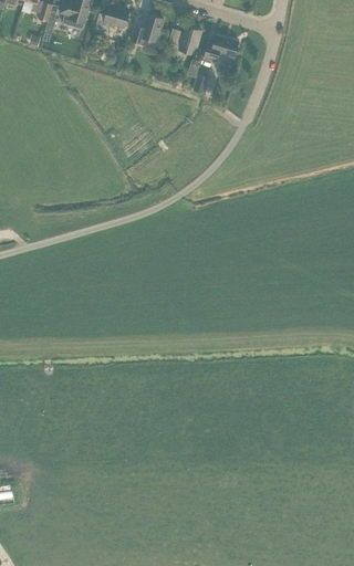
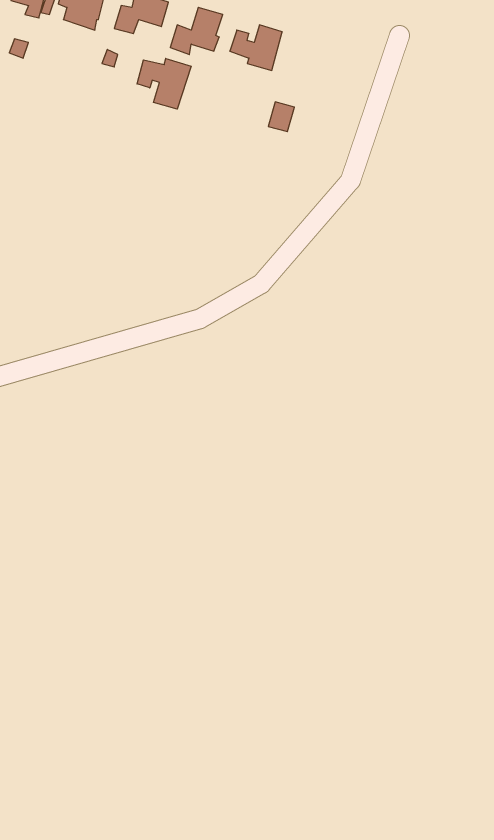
building: [202,34,238,62] -> none
building: none -> [137,58,191,109]

